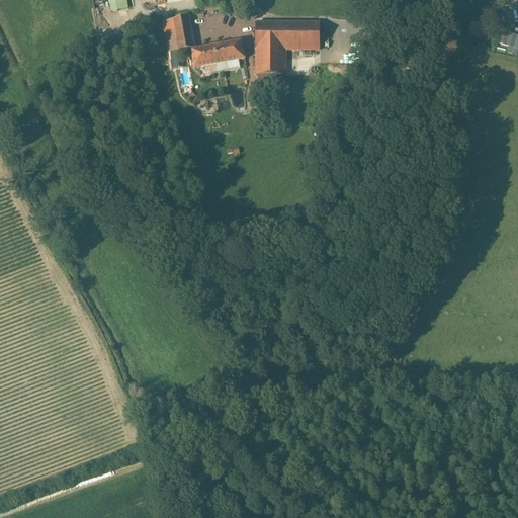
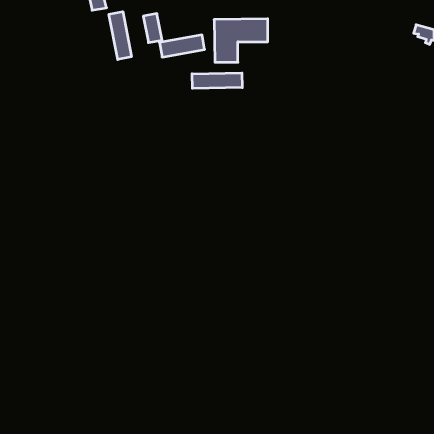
building: none -> [109,12,131,60]
building: none -> [192,73,242,88]

